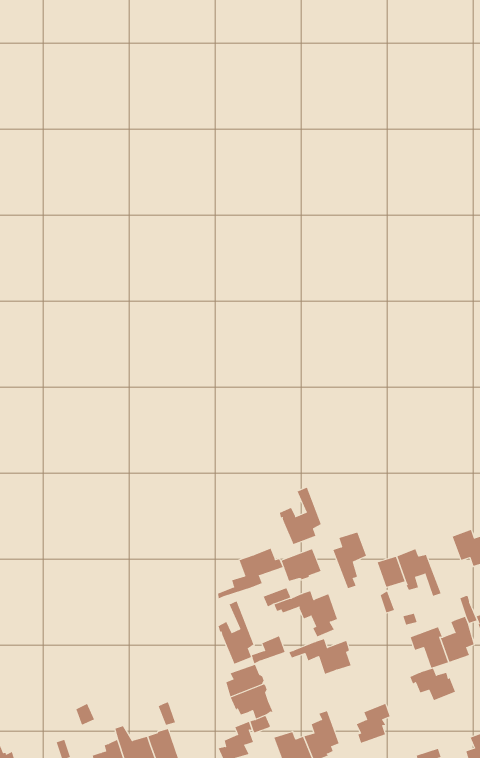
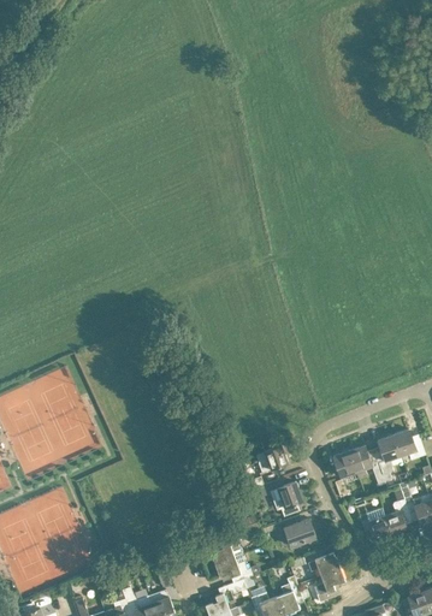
building: [279,487,322,545] -> none
building: [332,532,367,589] -> [373,437,401,482]
building: [217,548,283,599] -> none
building: [218,600,254,664] -> none
building: [409,668,456,701] -> [303,551,341,578]

